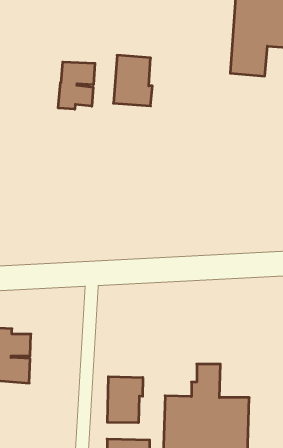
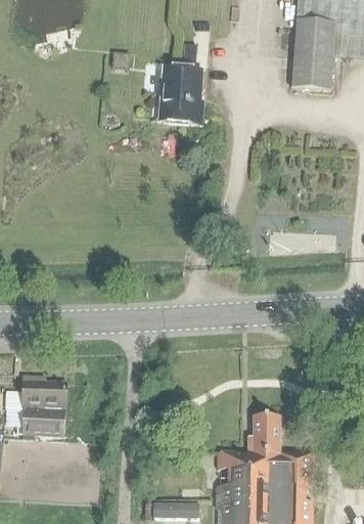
building: [58,62,95,109] -> none
building: [107,377,143,423] -> none

